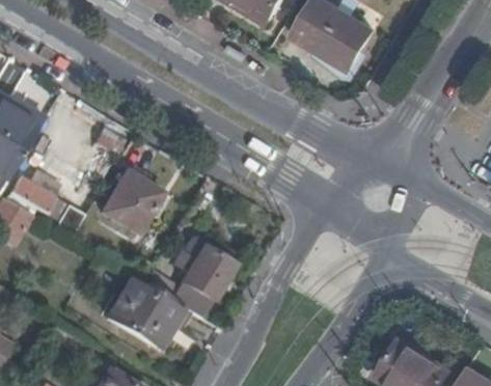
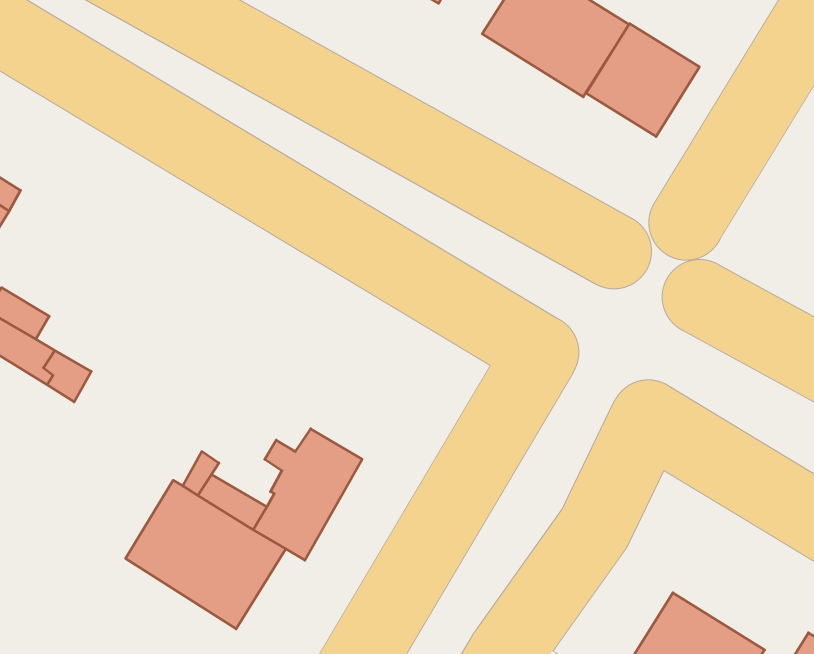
building: none -> [586,24,699,137]
building: [99,175,159,238] -> none

